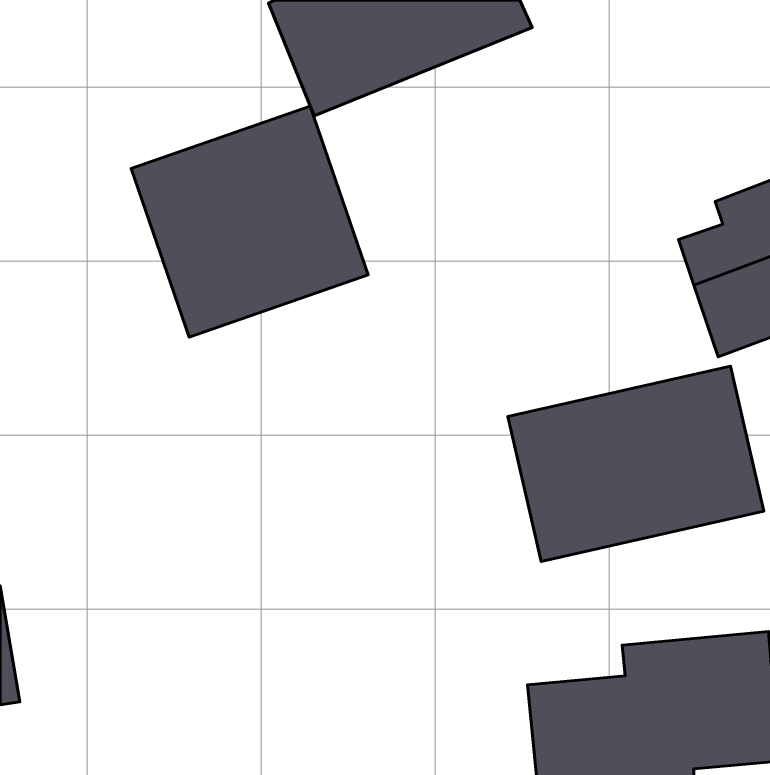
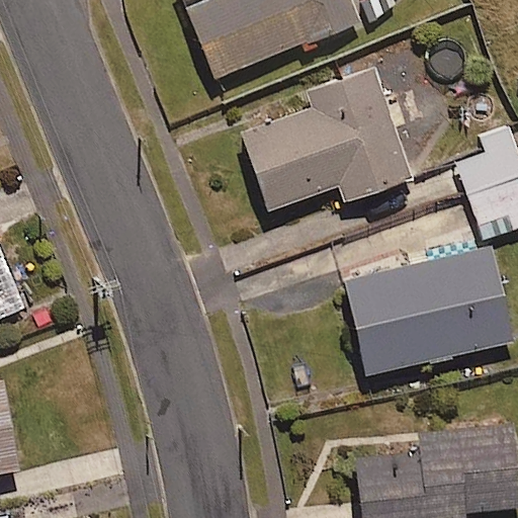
building: none -> [241,63,417,206]
building: [131,106,368,337] -> none

